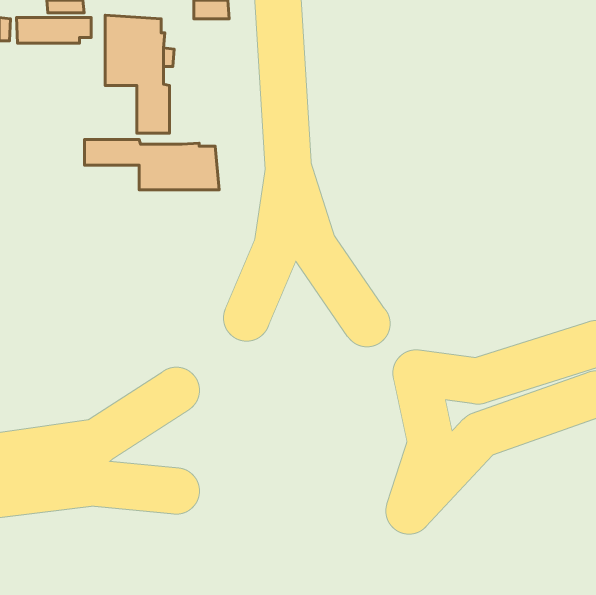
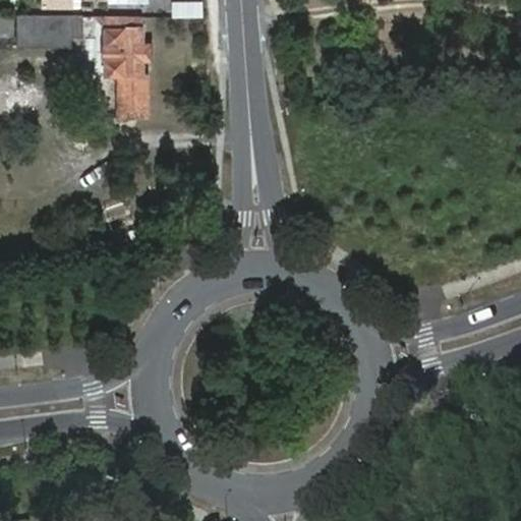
building: [84,140,219,190] -> none

